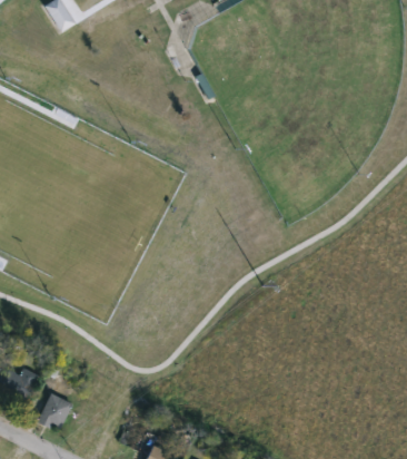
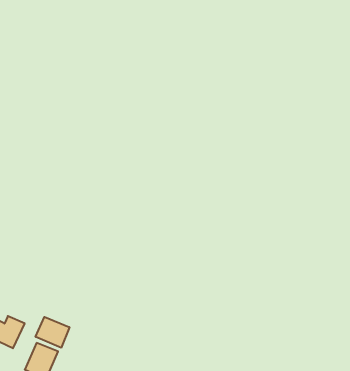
building: none -> [36,317,69,348]

